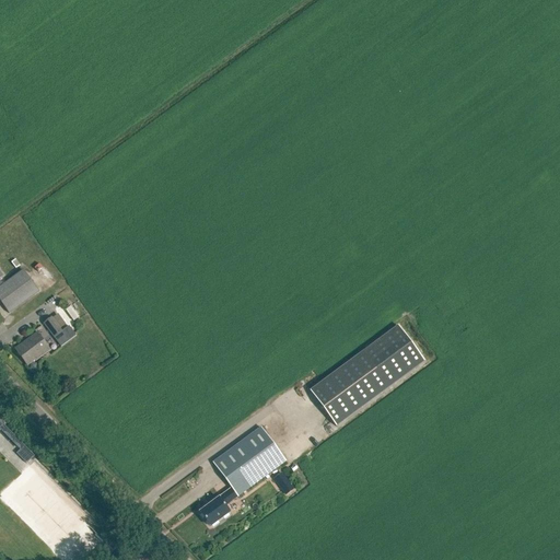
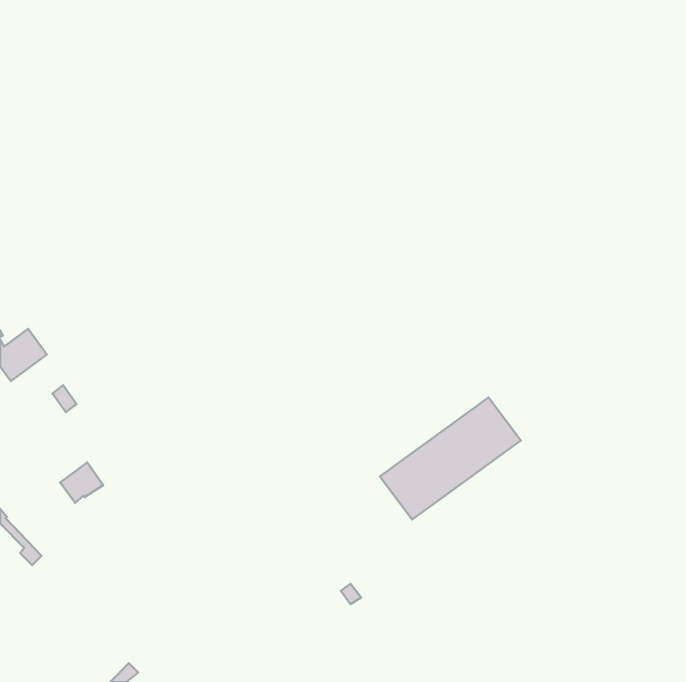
building: [15,329,50,362] -> [60,462,103,503]
building: [199,424,285,524] -> none

